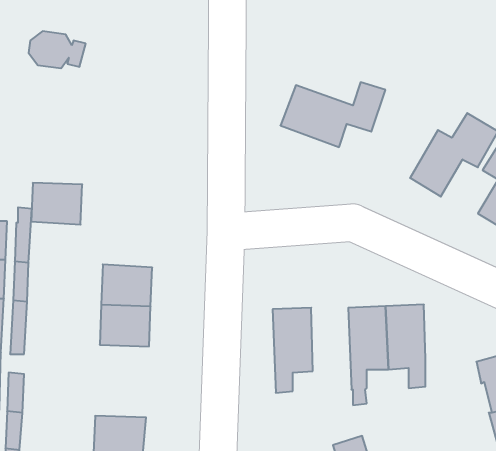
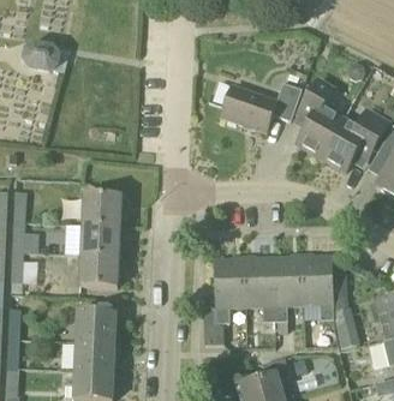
building: none -> [294,77,342,157]
building: [31,183,82,225] -> [82,194,121,227]
building: none -> [244,258,275,322]
building: none -> [333,287,359,348]
building: none -> [76,312,117,343]

